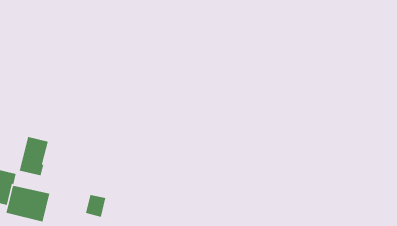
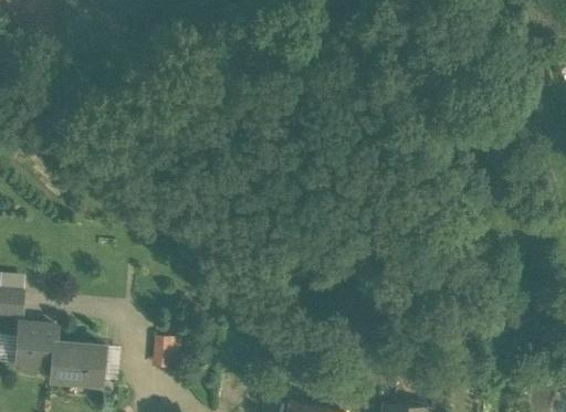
building: [19,136,48,176] -> none

